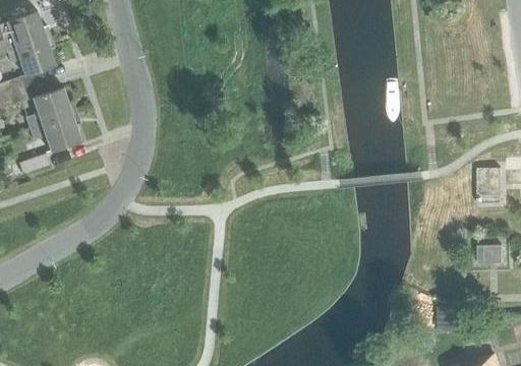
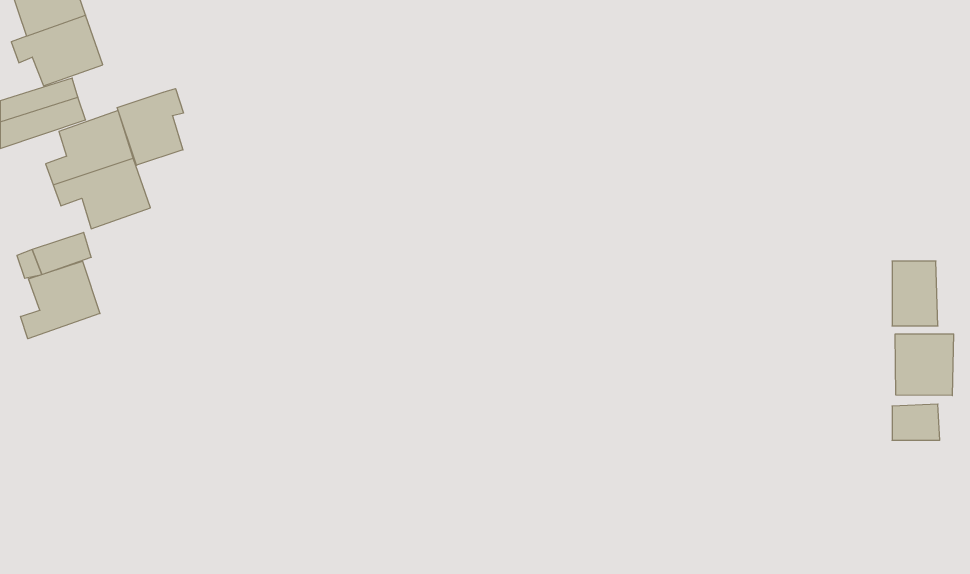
building: none -> [117,89,183,165]
building: none -> [21,261,100,339]
building: none -> [895,334,954,396]

